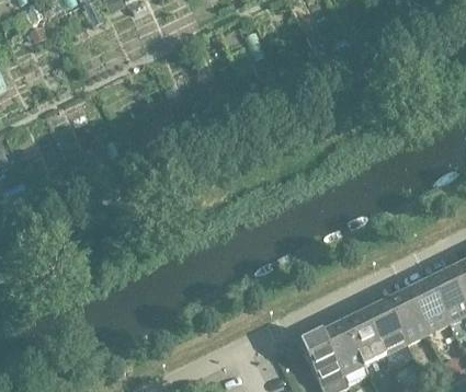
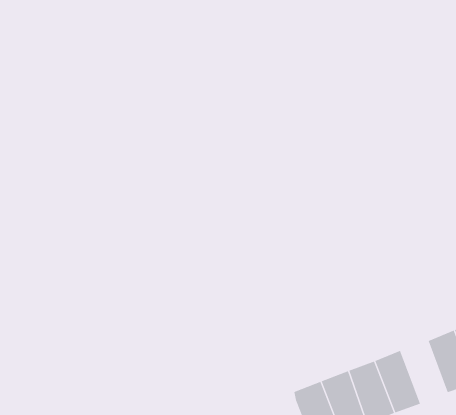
building: [387,288,429,341] -> none

